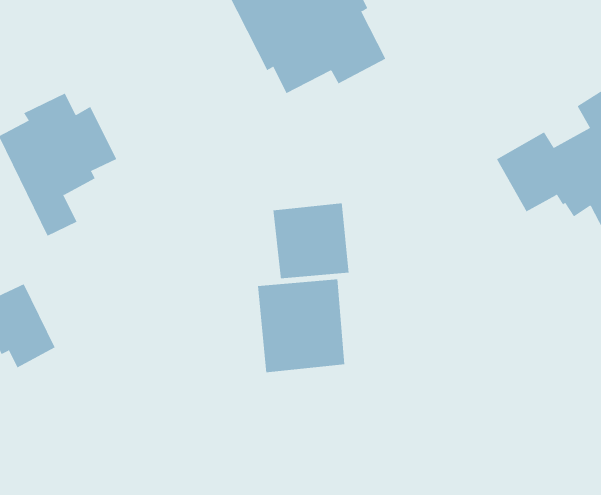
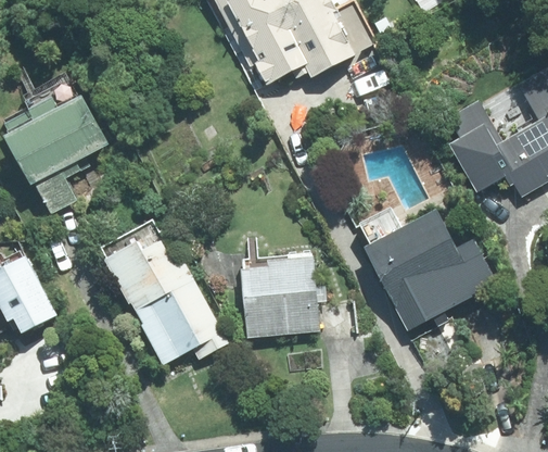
building: [273,202,349,279] -> none
building: none -> [359,211,499,334]
building: none -> [100,219,226,364]

